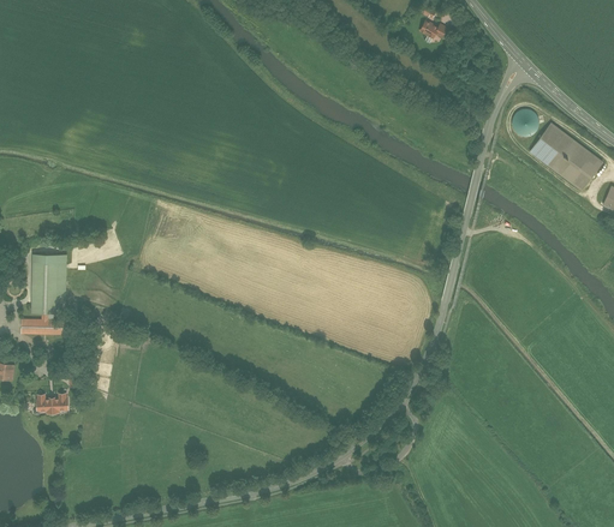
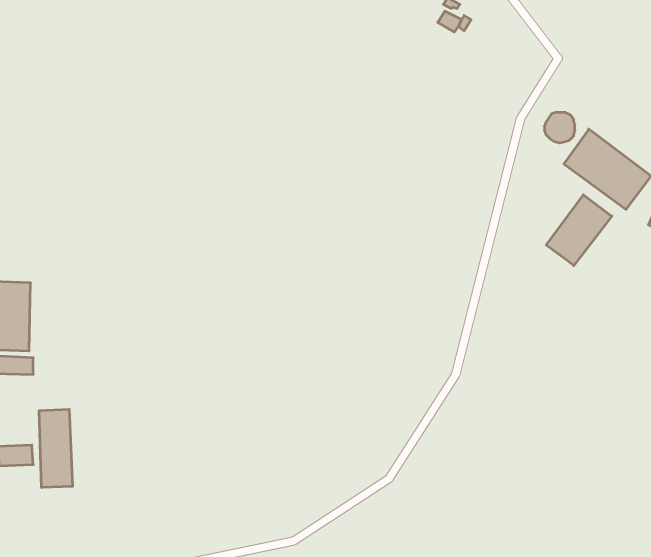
building: none -> [546,195,612,266]
building: none -> [39,409,73,488]

